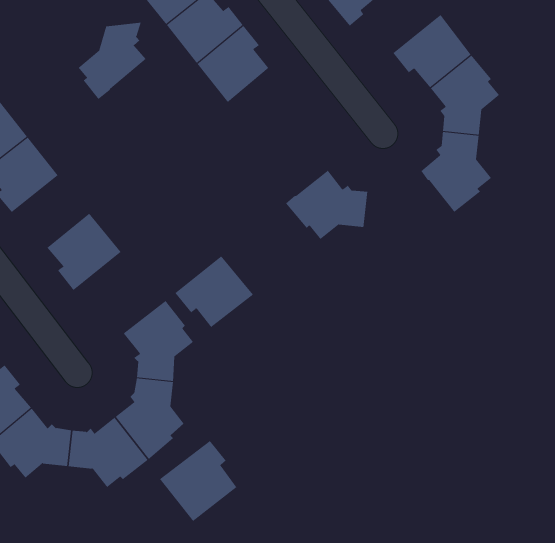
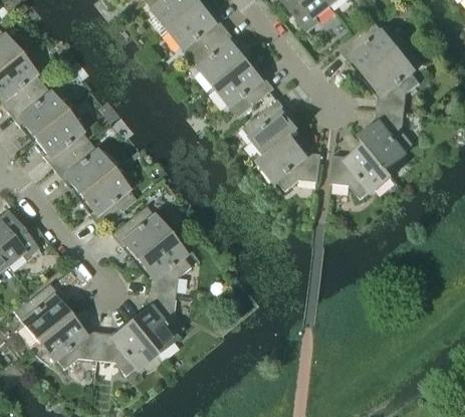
building: [78,22,147,100] -> none
building: none -> [216,60,275,116]
building: none -> [243,97,299,156]
building: none -> [54,141,112,195]
building: none -> [330,145,393,197]
building: [175,255,254,328] -> [110,205,170,259]
building: [159,440,237,522] -> none

